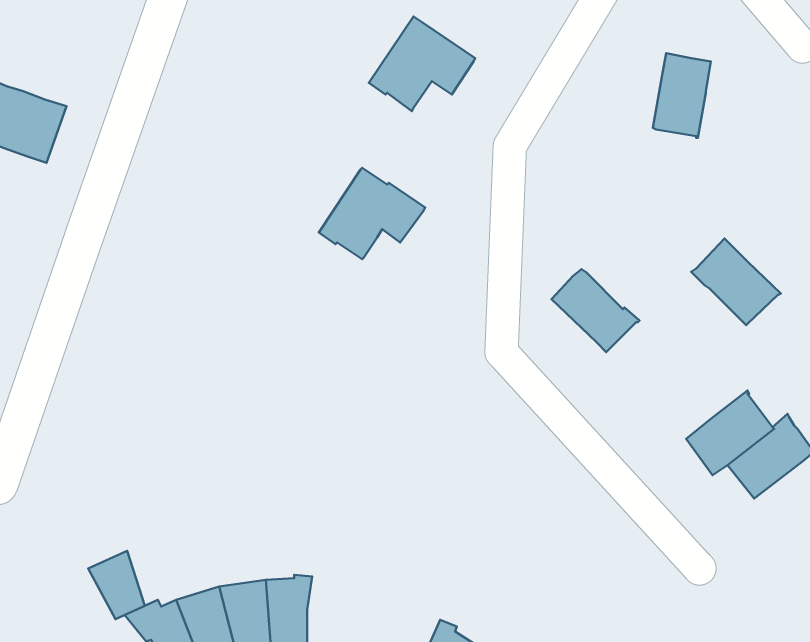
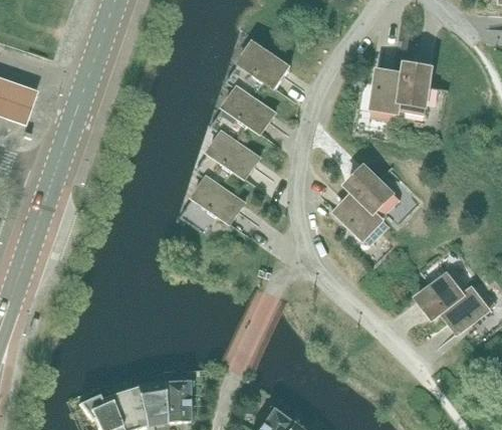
building: none -> [368,68,402,120]
building: none -> [209,86,273,142]
building: [691,239,781,325] -> [344,165,399,217]
building: none -> [178,177,243,233]
building: [88,551,145,619] -> none

